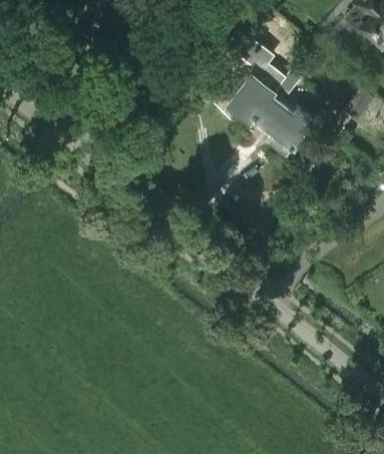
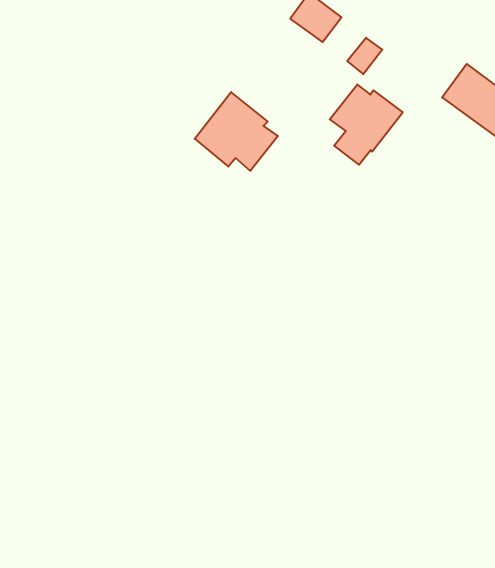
building: [227,72,284,126] -> [195,92,278,171]

